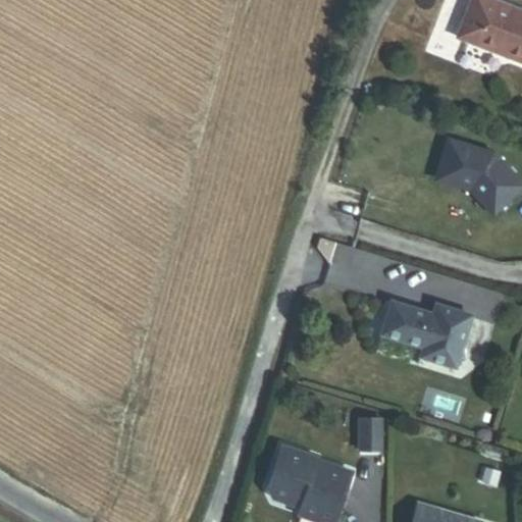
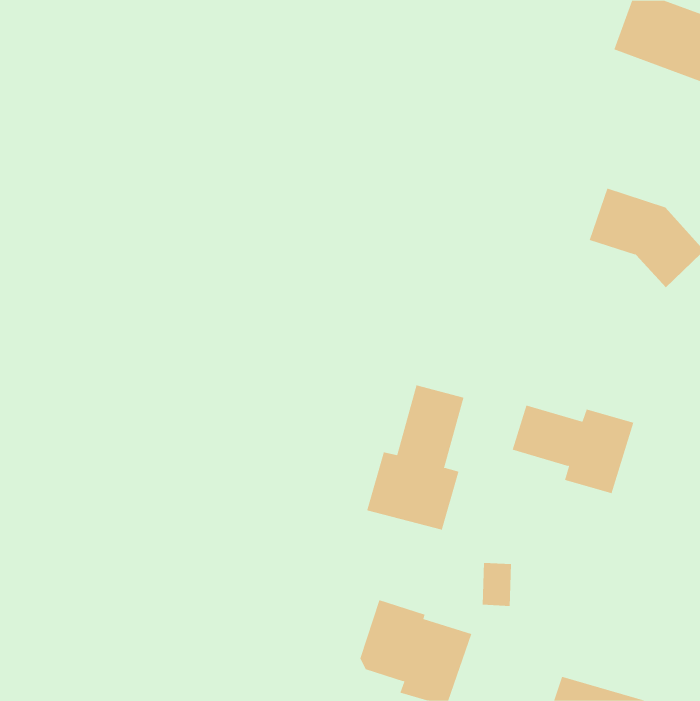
building: none -> [366,384,464,531]

